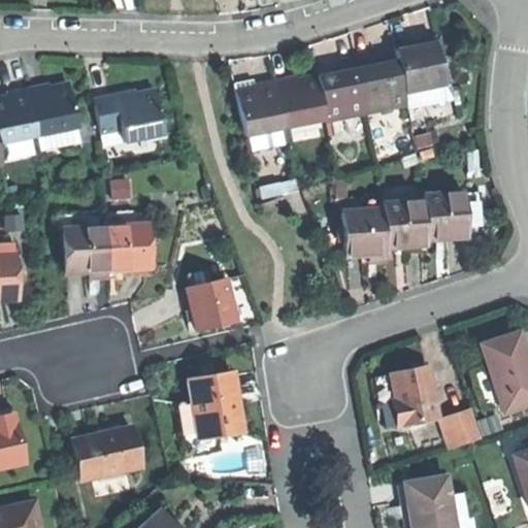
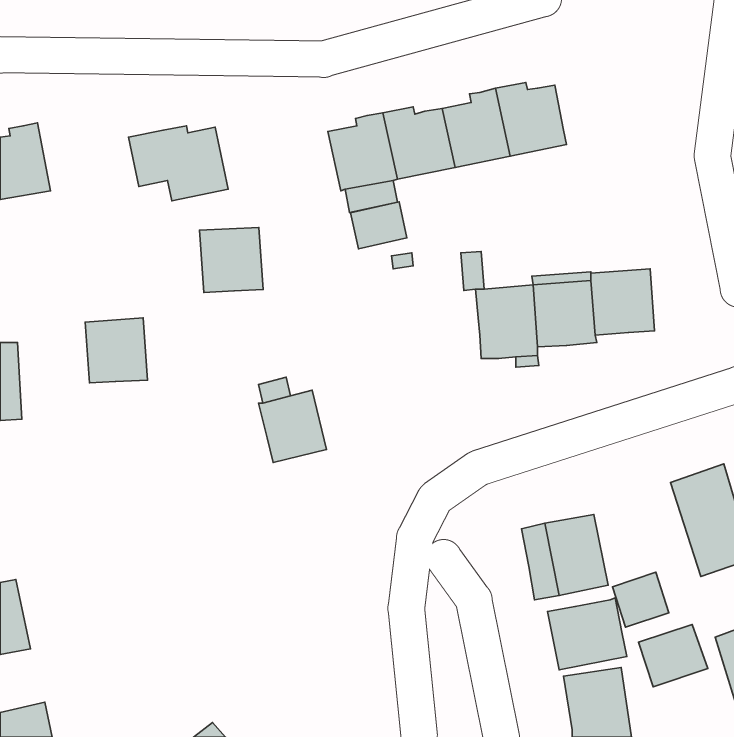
building: [397,37,446,93] -> none
building: [30,84,79,136] -> none
building: none -> [351,202,407,249]
building: [105,225,151,271] -> [200,227,263,292]
building: [189,372,242,438] -> none
building: none -> [547,598,627,670]
building: [73,427,141,480] -> none
building: none -> [639,625,708,687]

